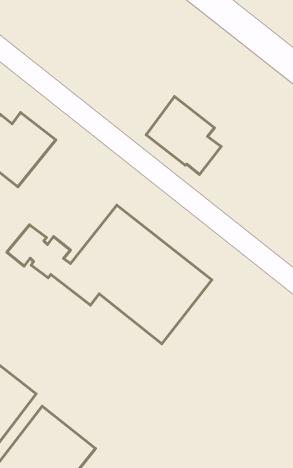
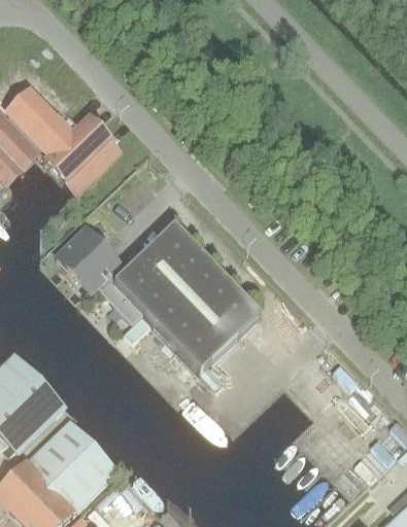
building: [146,96,221,174] -> none

